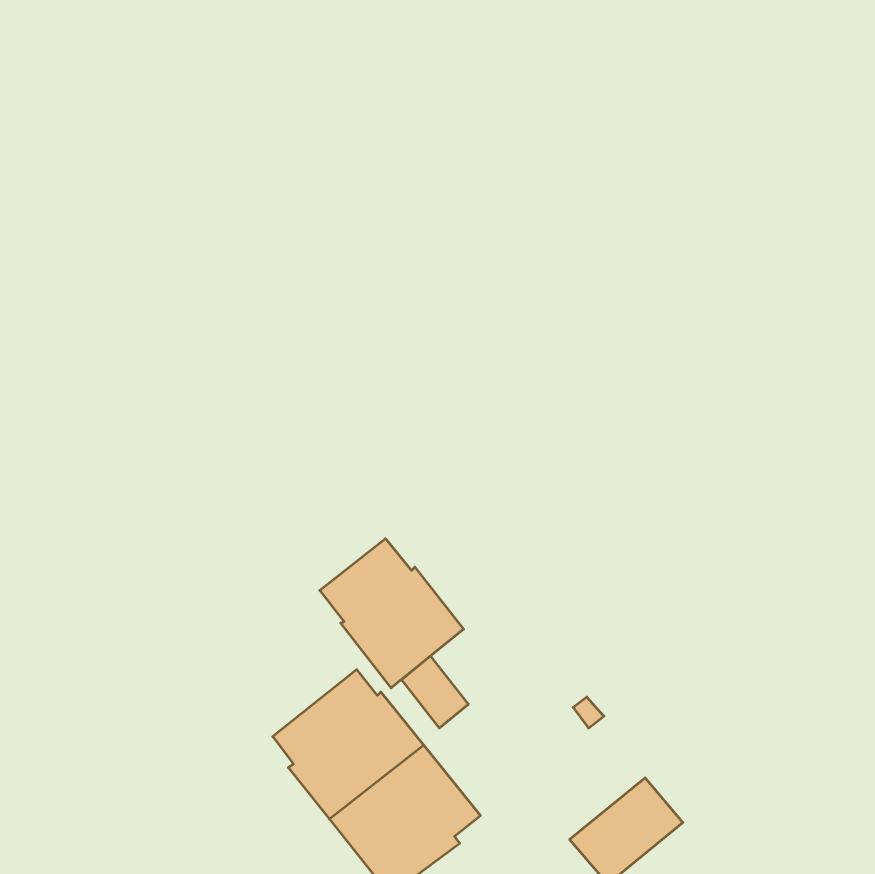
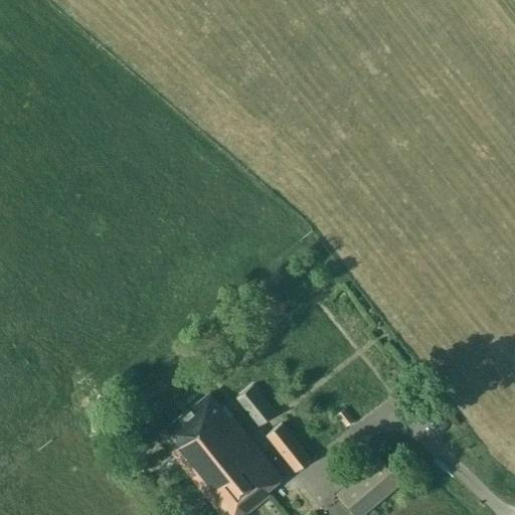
building: [320,539,464,688] -> none
building: none -> [267,423,312,474]

